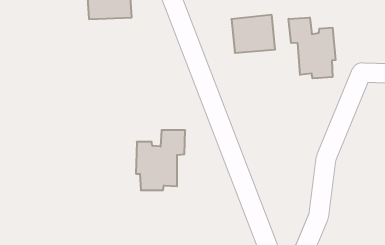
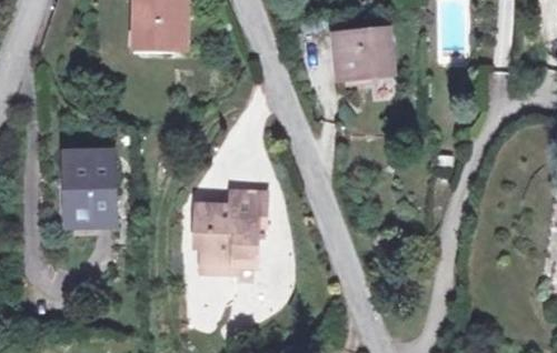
building: [289,17,336,78] -> none
building: none -> [59,155,106,216]

